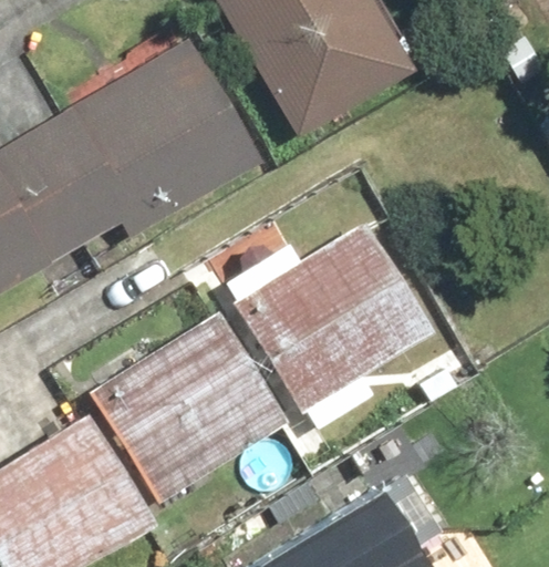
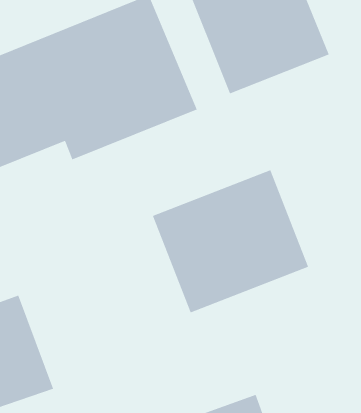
building: [95,317,281,495] -> none

